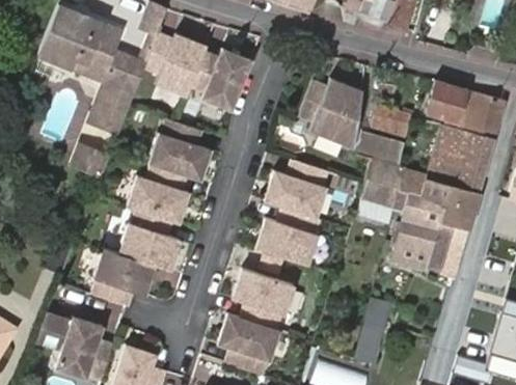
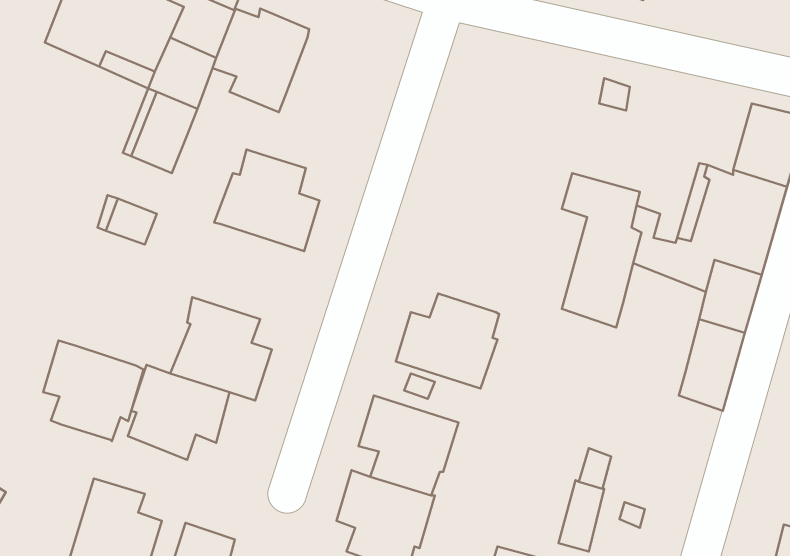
building: [187,47,249,111] -> none
building: [298,79,361,147] -> none
building: [419,81,472,131] -> none
building: [372,107,410,139] -> none
building: [264,159,328,218] -> none
building: [126,164,187,223] -> none
building: [393,188,444,254] -> none
building: none -> [43,340,143,441]

